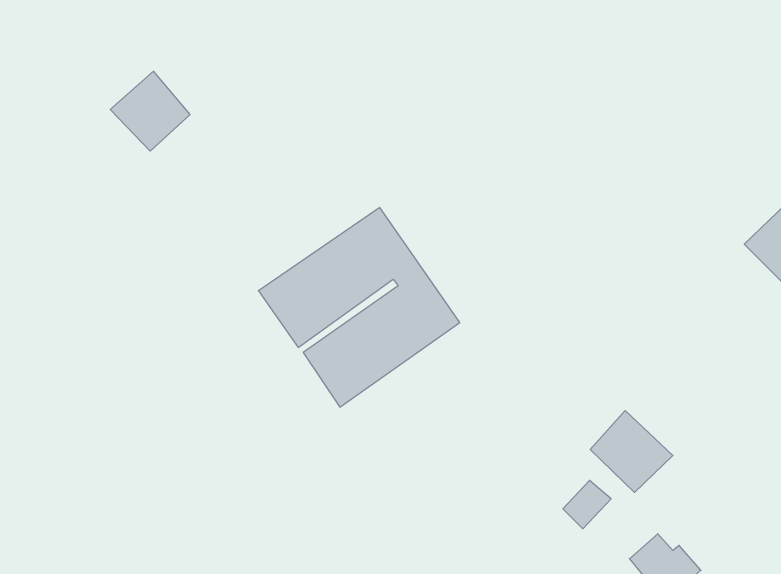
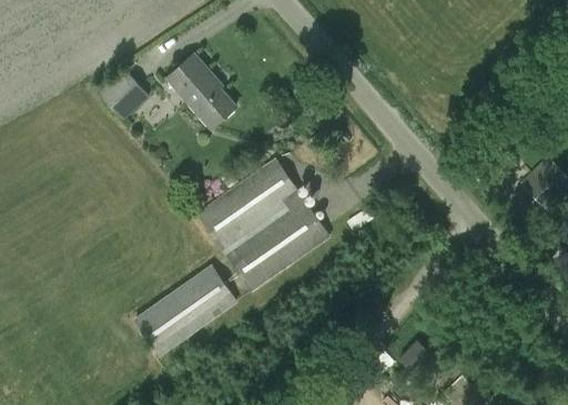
building: none -> [164,54,232,128]
building: none -> [133,264,237,357]
building: [590,411,673,492] -> none

